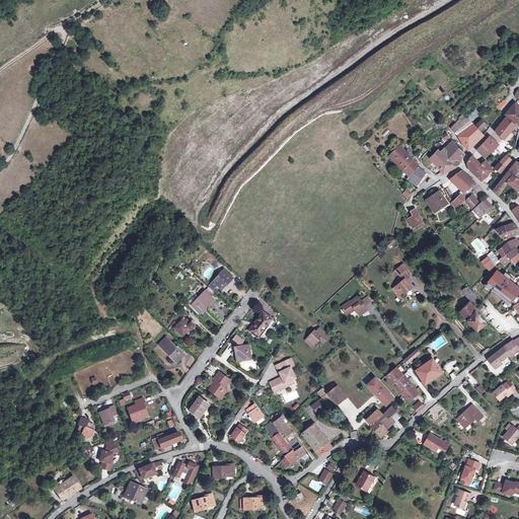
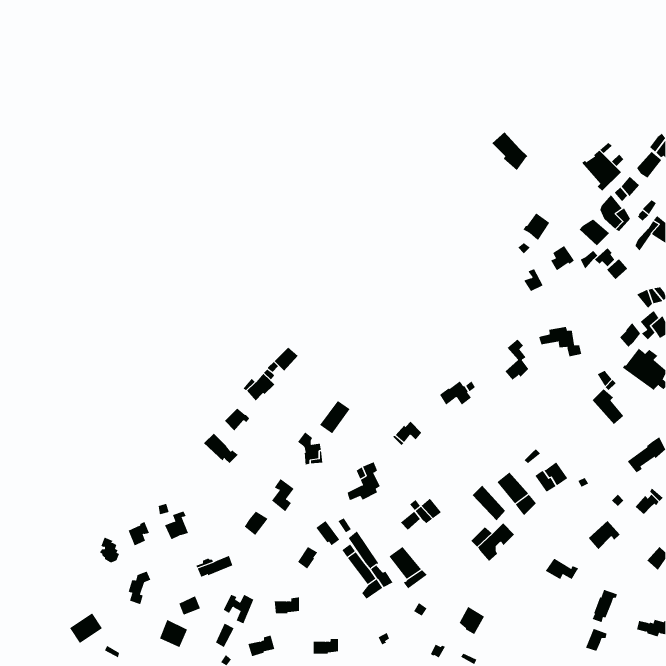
building: [430,140,465,173] -> none
building: [389,145,418,175] -> [492,131,528,171]
building: none -> [538,326,582,357]

